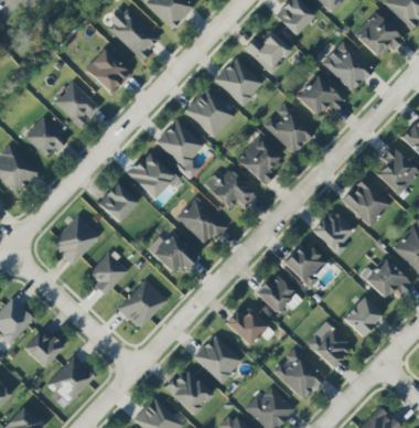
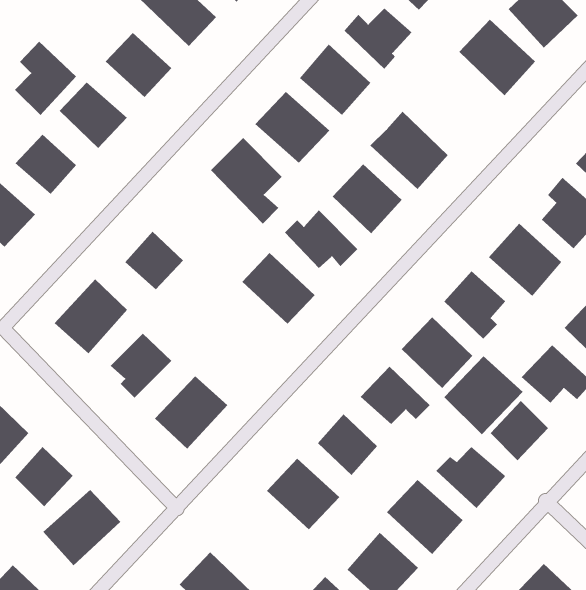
building: none -> [14,41,77,116]
building: [297,75,345,115] -> none
building: [128,150,178,200] -> none
building: [152,233,197,271] -> none
building: none -> [443,356,524,435]
building: [166,367,213,415] -> none

